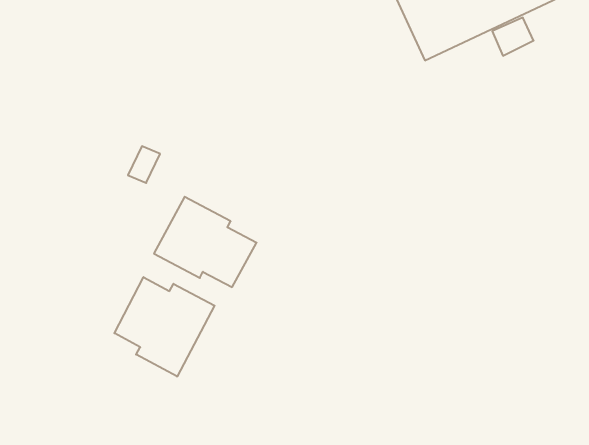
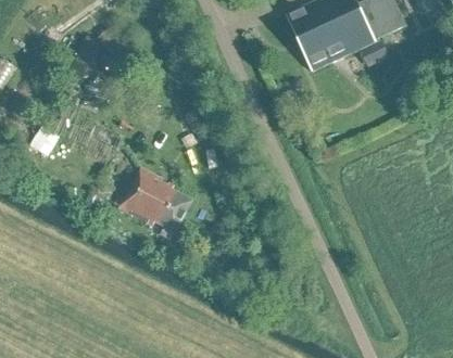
building: [114,277,215,377] -> none

